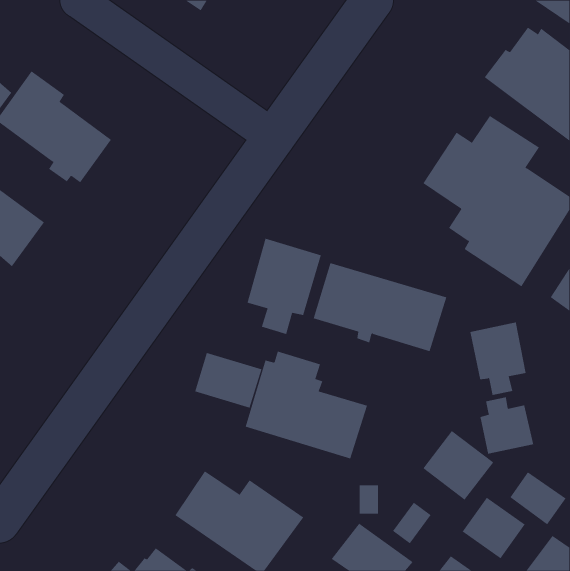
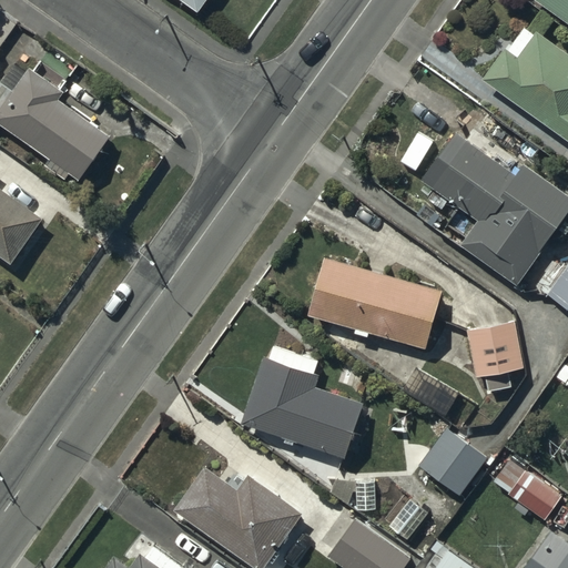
building: [247,238,321,335] -> none
building: [195,352,262,409] -> none
building: [480,397,534,454] -> none
building: [462,497,525,559] -> none

